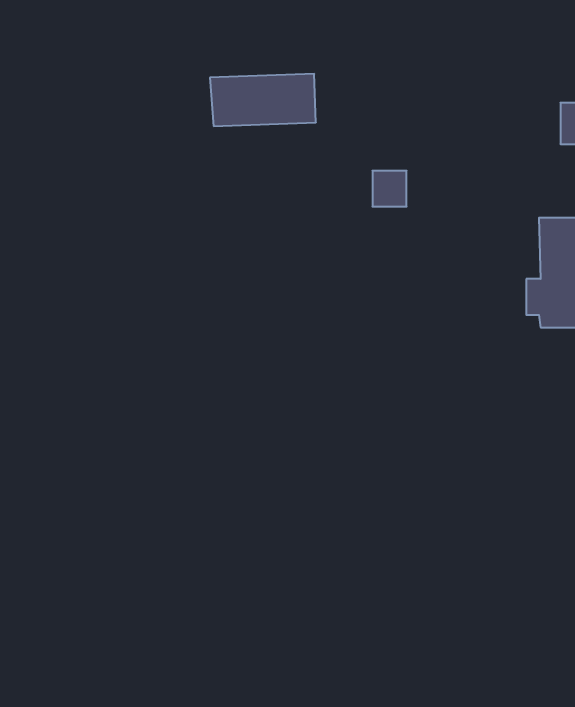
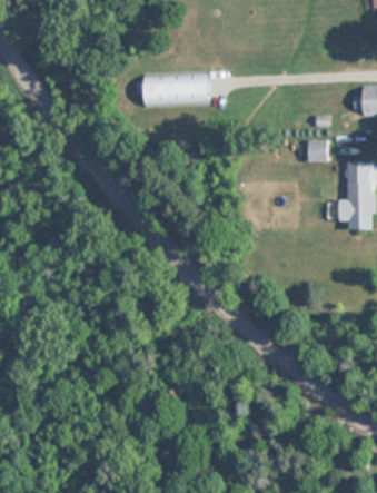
building: [372,171,407,207] -> [304,140,325,162]

